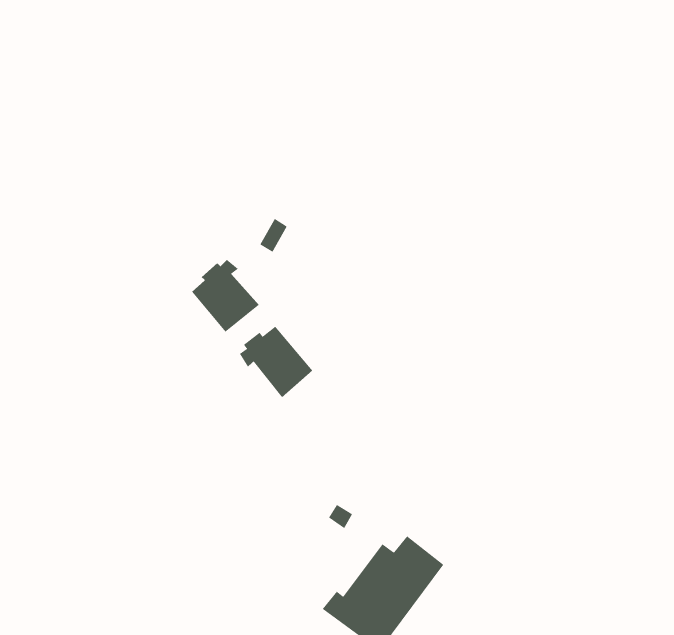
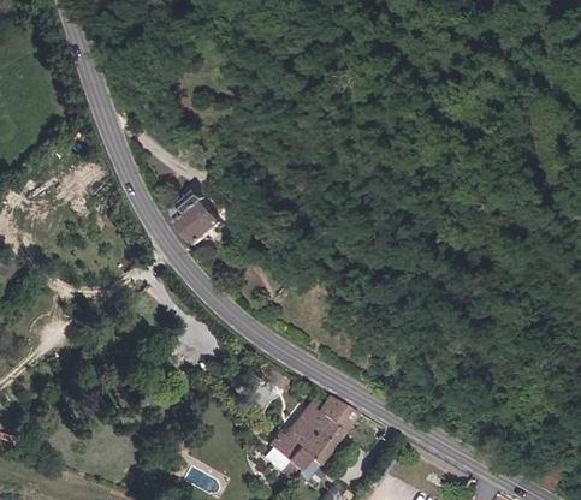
building: [239,326,313,398] -> none

